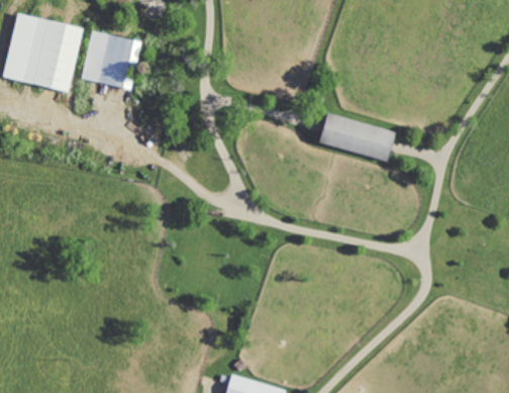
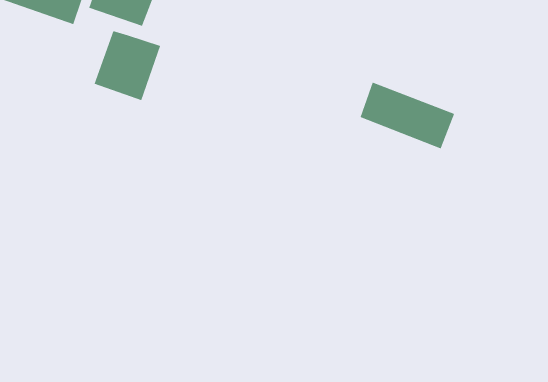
building: none -> [94,30,161,101]

